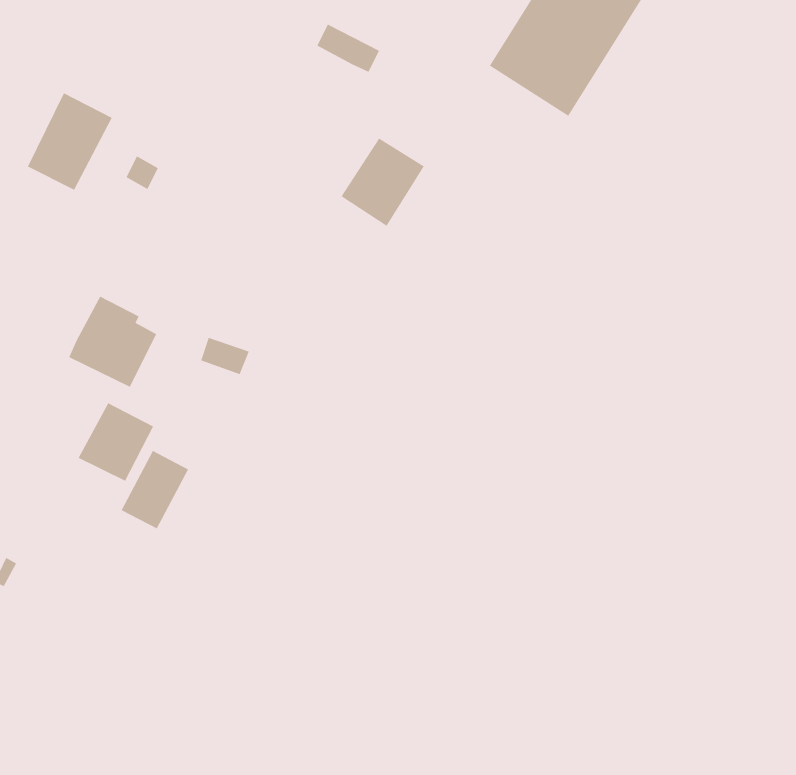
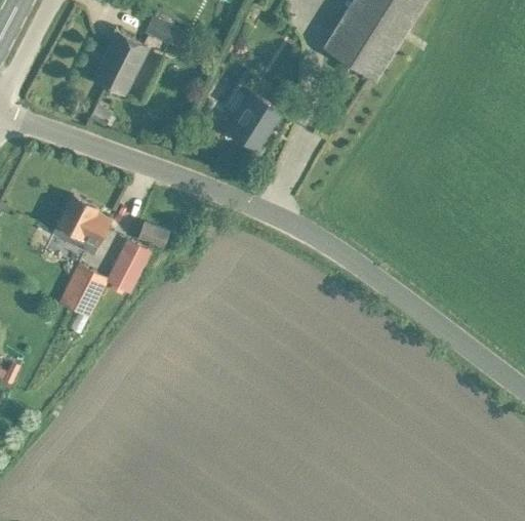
building: [316,23,380,73] -> [146,16,187,48]
building: [27,92,113,191] -> [93,31,149,94]
building: [121,450,189,530] -> [107,239,151,290]

